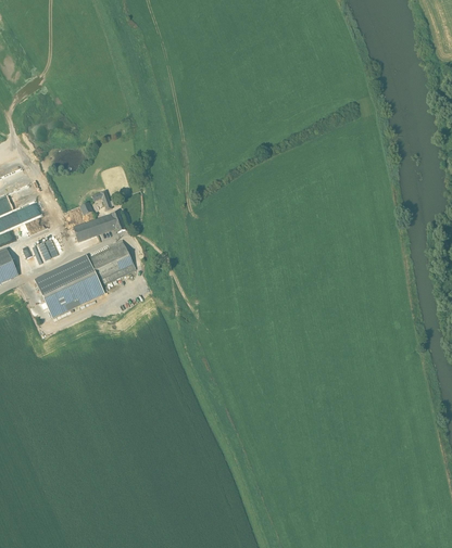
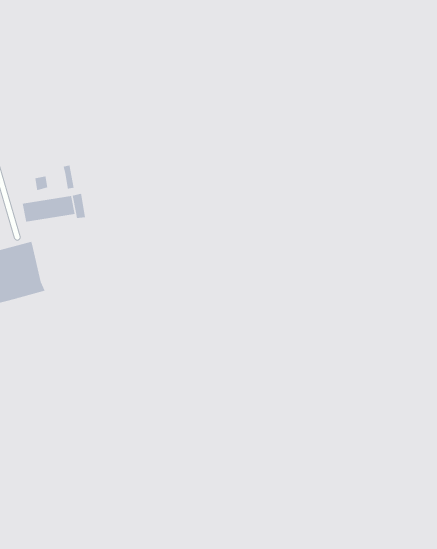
building: [88,240,136,285] -> none

